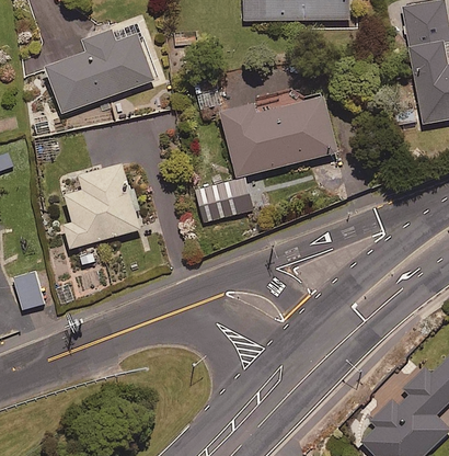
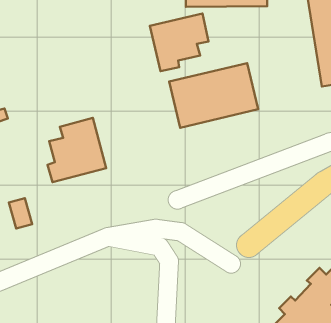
building: [46,25,154,114] -> none
building: none -> [150,14,208,71]
building: [195,176,253,223] -> none

